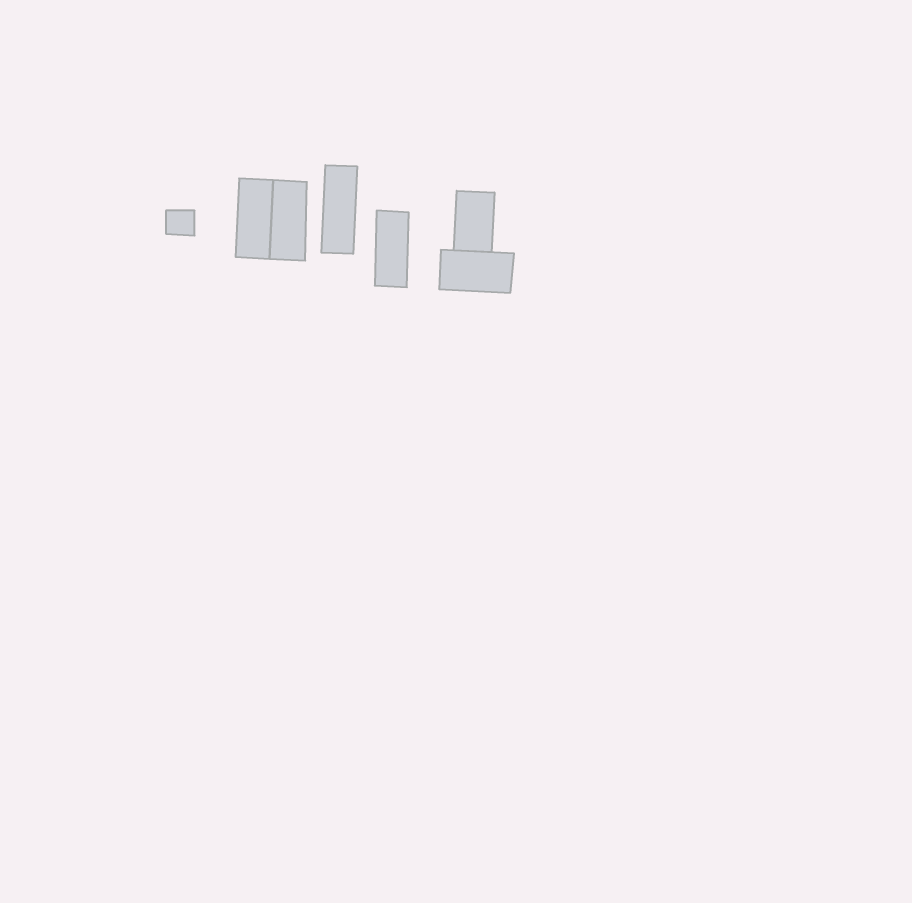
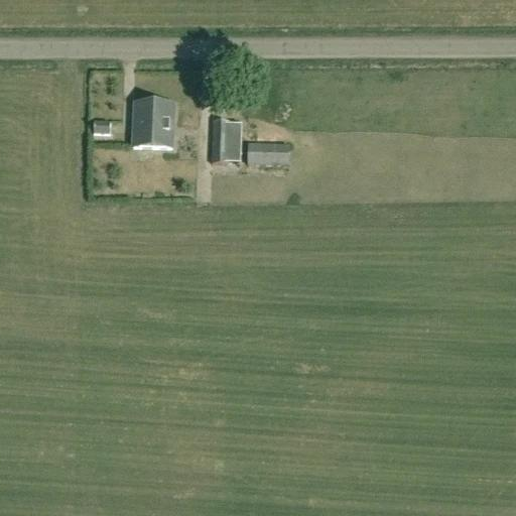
building: [321,165,357,254] -> none
building: [454,191,494,252] -> none

